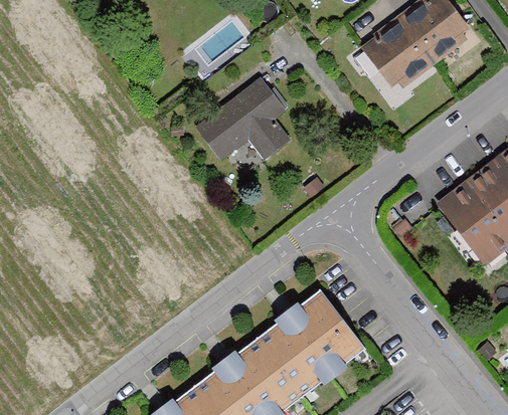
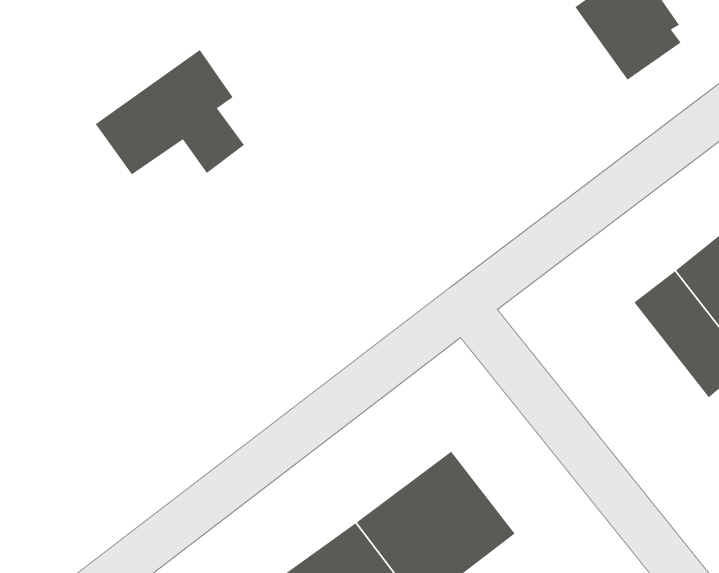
building: [363,17,435,84] -> none
building: [194,79,289,159] -> [95,49,245,175]

